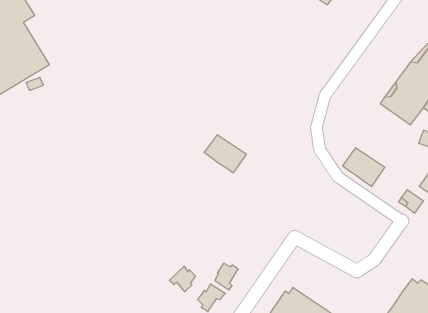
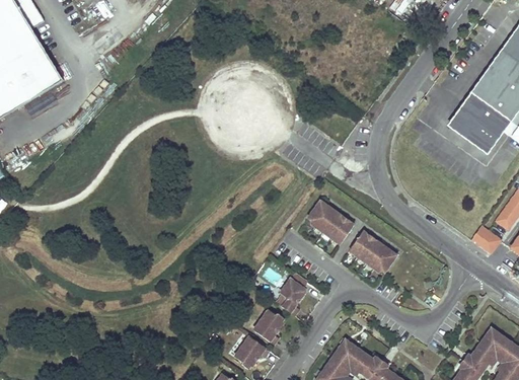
building: [204,135,246,173] -> [305,199,355,243]
building: [343,148,385,187] -> [349,229,398,275]
building: none -> [278,280,305,312]
building: [169,266,196,292] -> none

